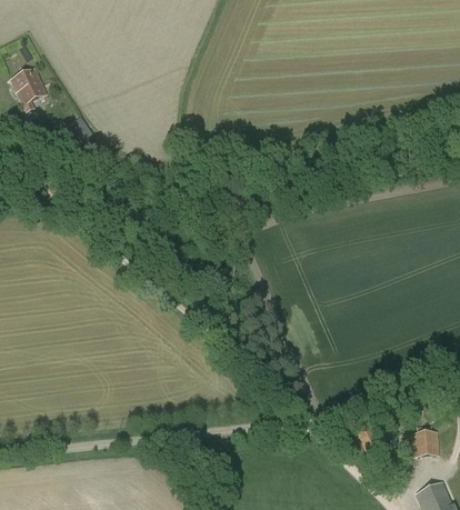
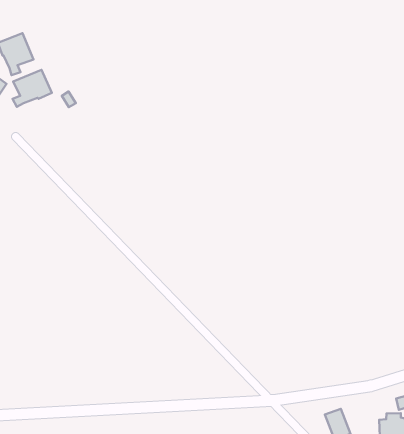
building: none -> [13,70,52,107]

